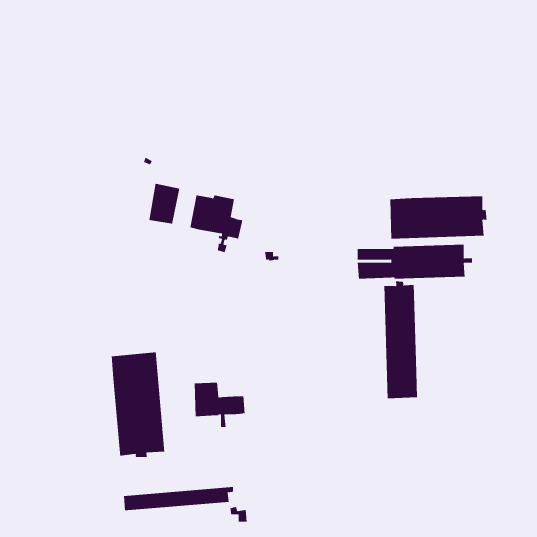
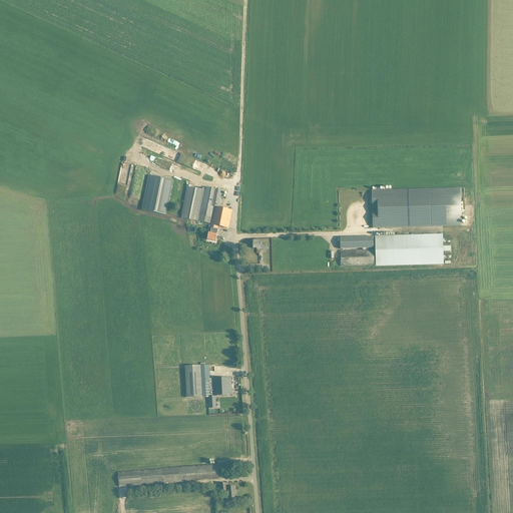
building: [384,280,417,399] -> none
building: [111,352,165,458] -> none

